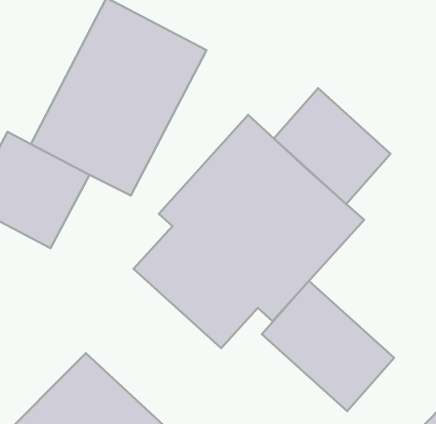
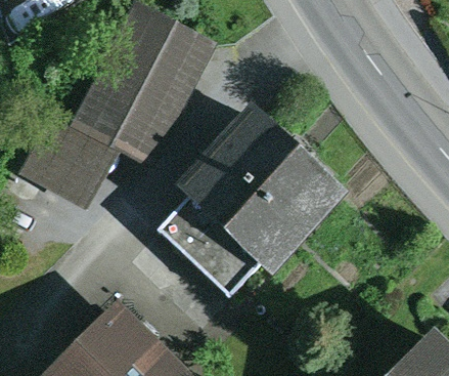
building: [274,88,391,204] -> none
building: [262,281,394,411] -> none

